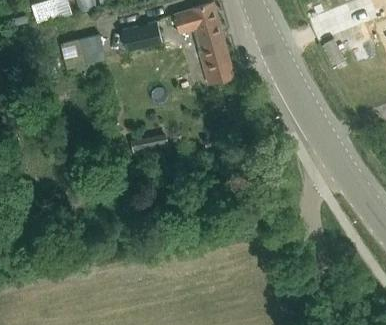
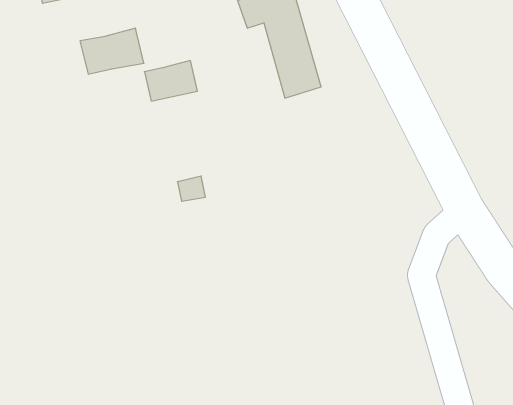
building: [124,21,162,50] -> [144,61,197,101]

